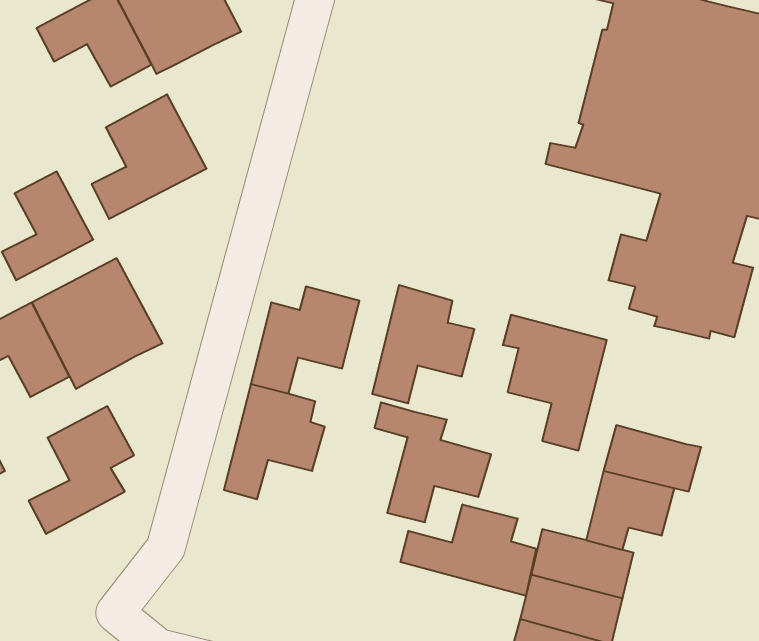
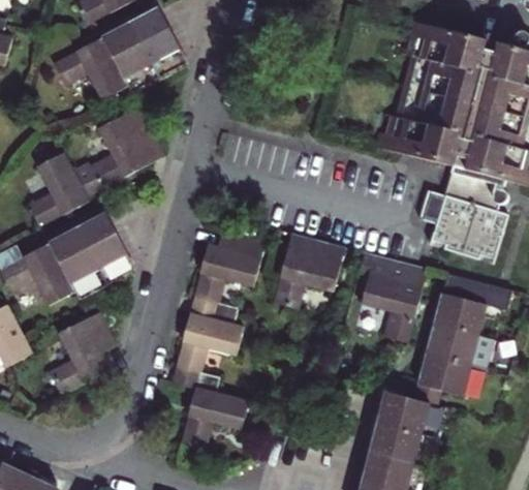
building: none -> [432,271,508,334]
building: [374,402,491,522] -> [170,364,247,442]
building: [400,504,536,596] -> none

